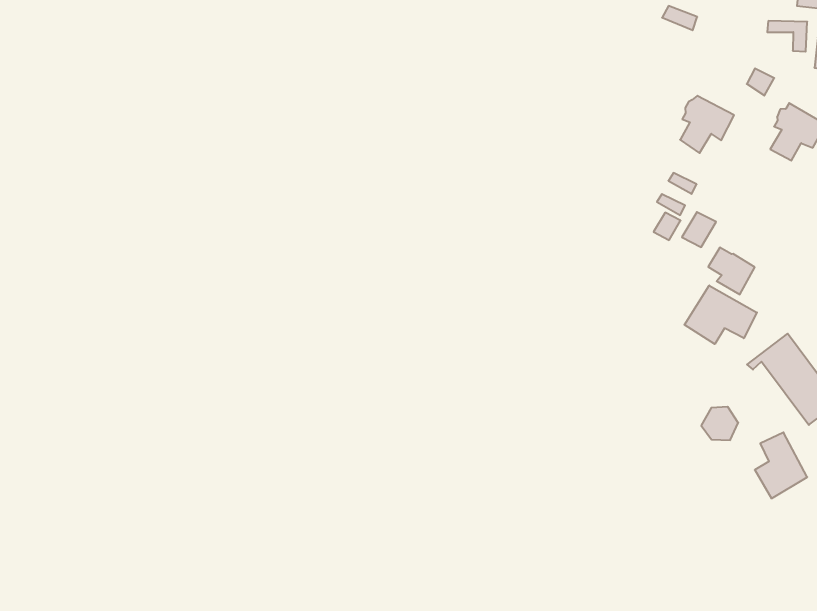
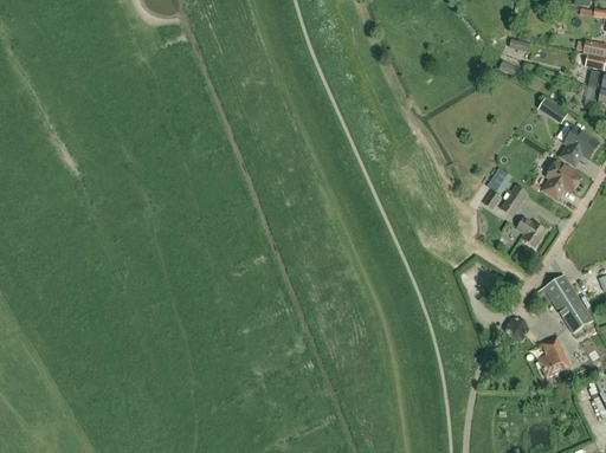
building: [680,96,734,153] -> [546,162,581,199]
building: [684,285,757,344] -> none

